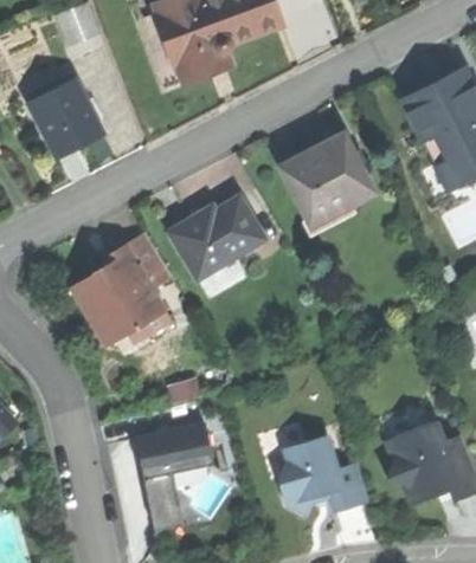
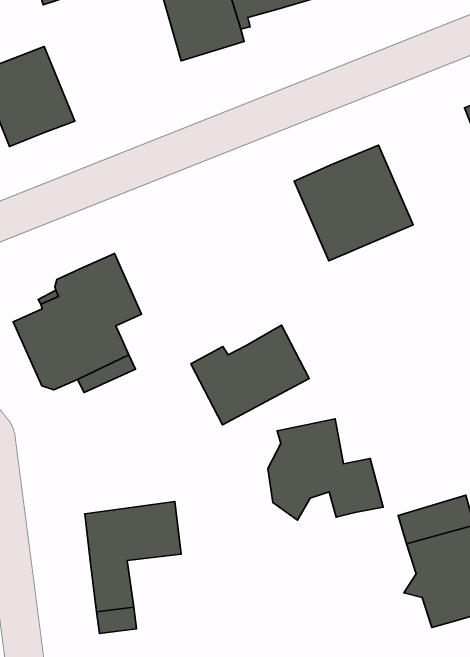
building: [167,199,259,279] -> [191,325,309,425]
building: [281,433,372,513] -> [268,419,383,520]

